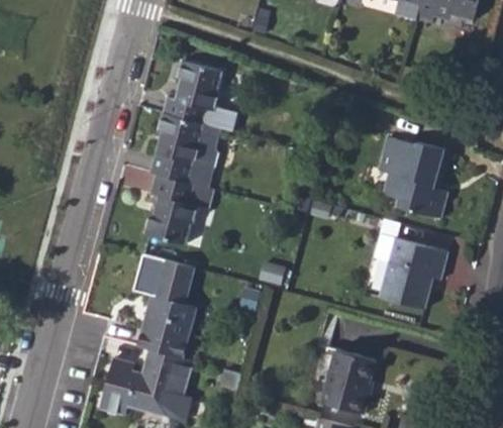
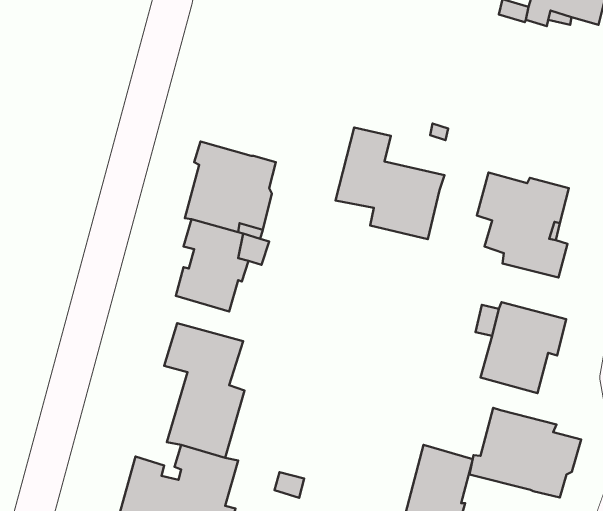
building: [163,60,222,123] -> none
building: none -> [336,128,445,239]
building: none -> [470,408,581,498]

